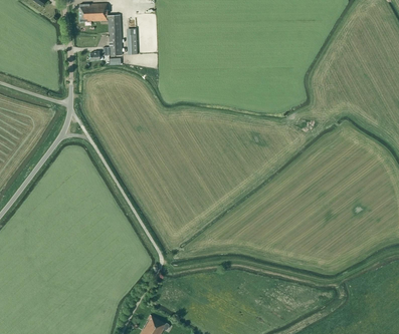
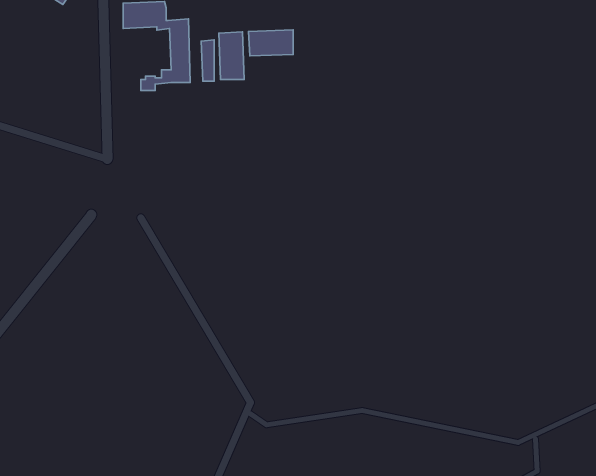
building: none -> [248,30,293,56]

